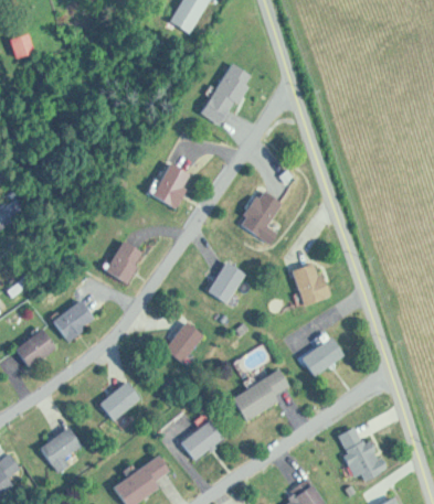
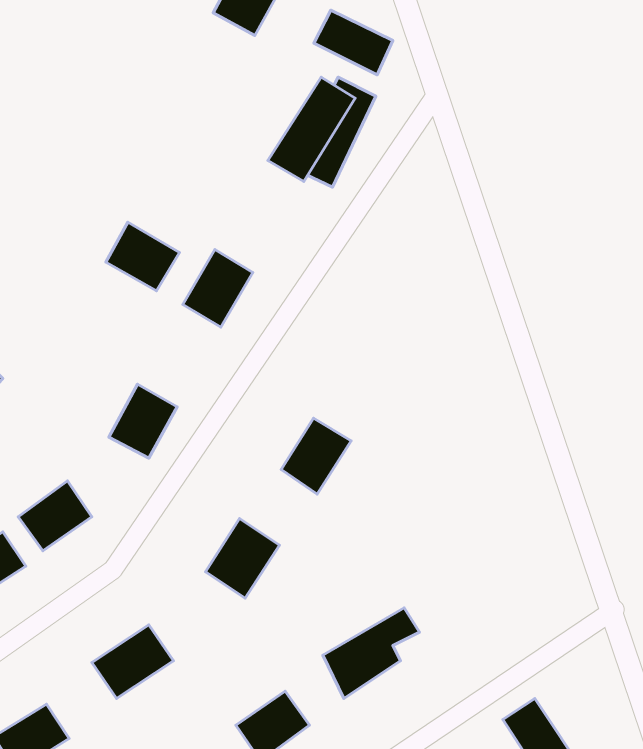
building: none -> [314,10,393,75]
building: none -> [106,222,180,291]
building: [241,189,287,245] -> none
building: [292,260,328,304] -> none
building: [300,335,343,376] -> none

